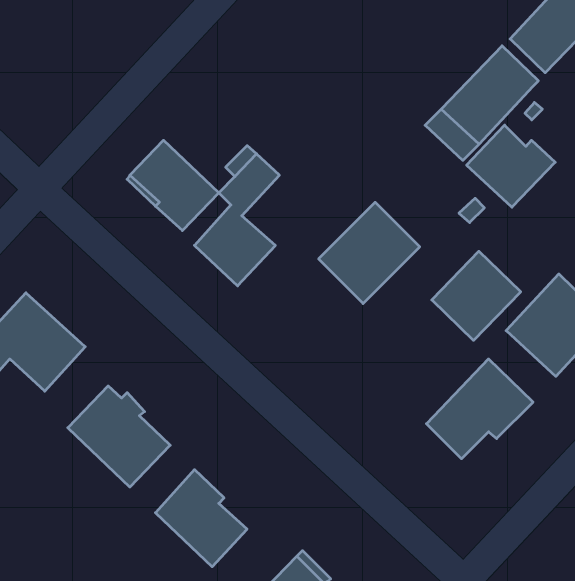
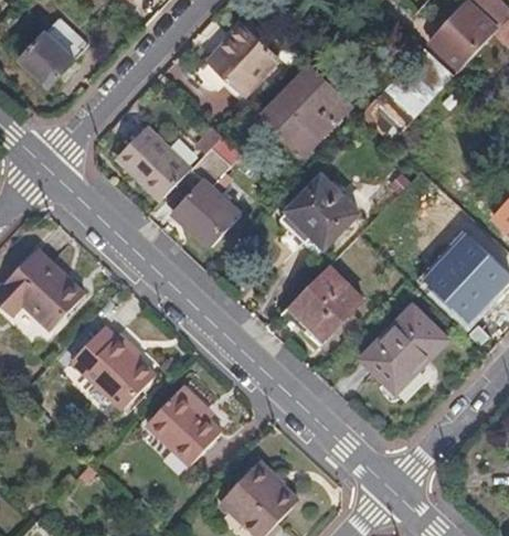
building: none -> [21,19,88,86]
building: none -> [206,26,277,97]
building: none -> [269,68,342,140]
building: [467,125,555,207] -> none
building: [432,251,521,340] -> [289,266,362,339]

